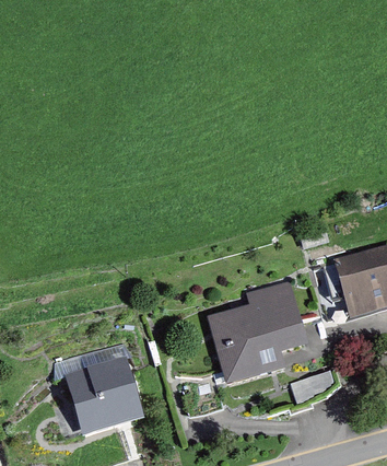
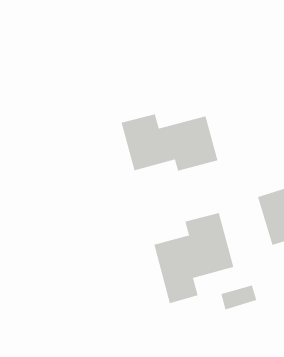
building: none -> [121,114,218,172]
building: [63,356,139,434] -> none

